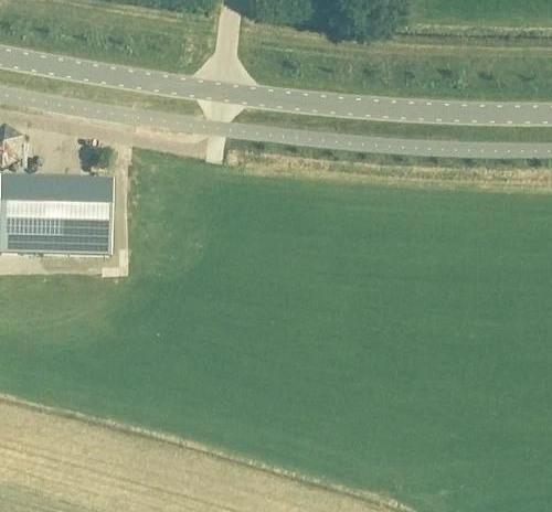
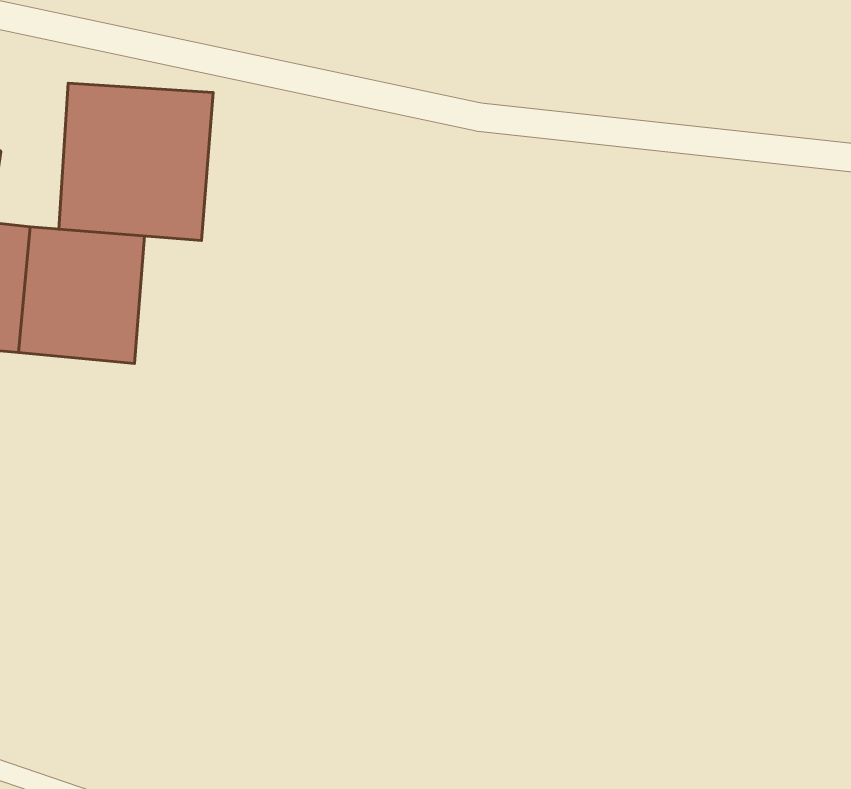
building: none -> [59,83,213,240]

